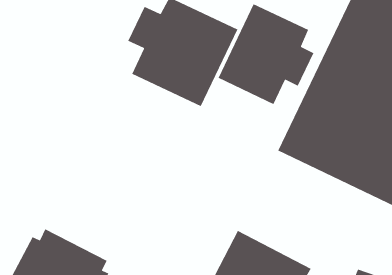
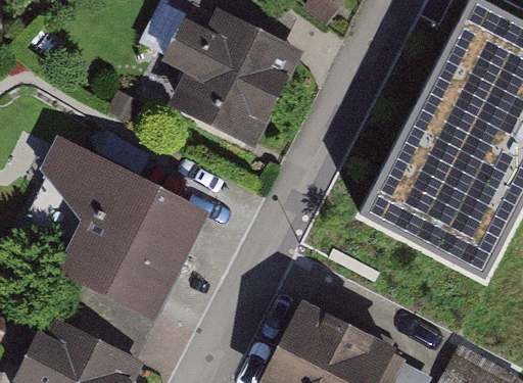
building: [218,3,314,105] -> none
building: none -> [52,141,205,304]

